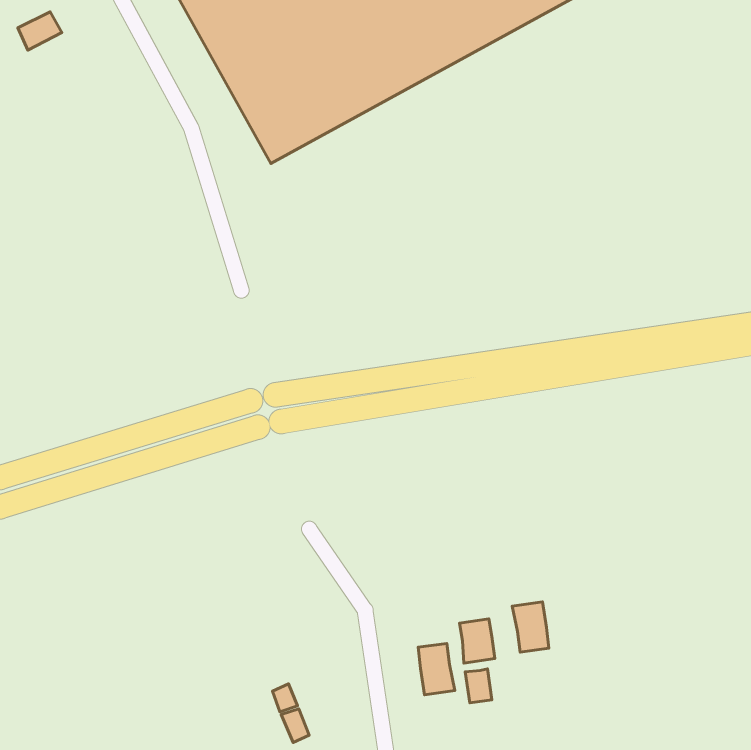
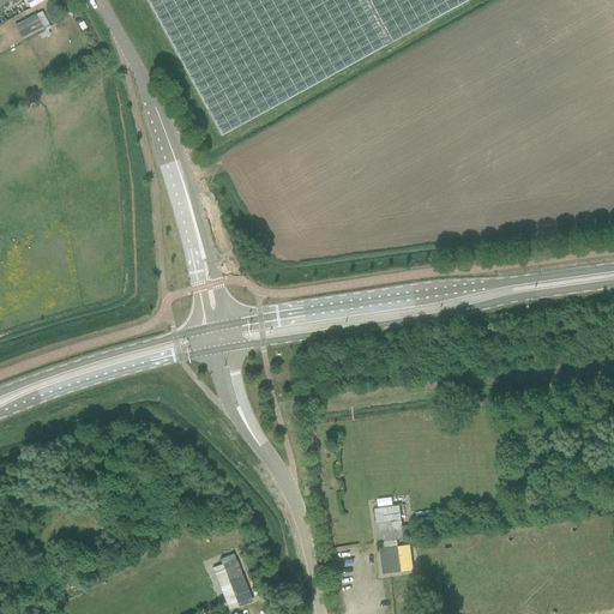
building: [512,602,549,652] -> none
building: [418,643,455,695] -> none

